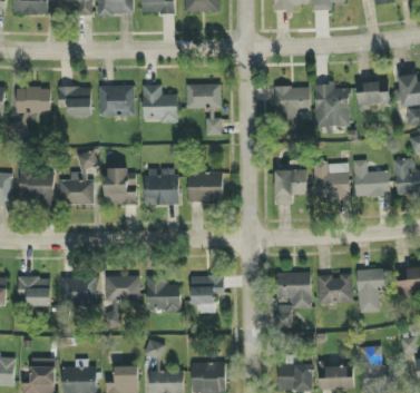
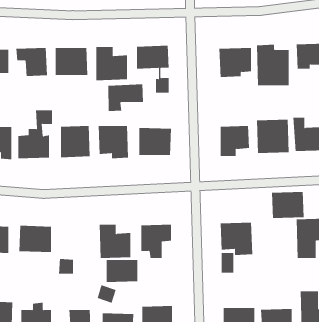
building: none -> [108,84,143,112]
building: [318,275,353,304] -> [271,192,305,219]
building: [105,276,139,301] -> [106,260,138,282]

